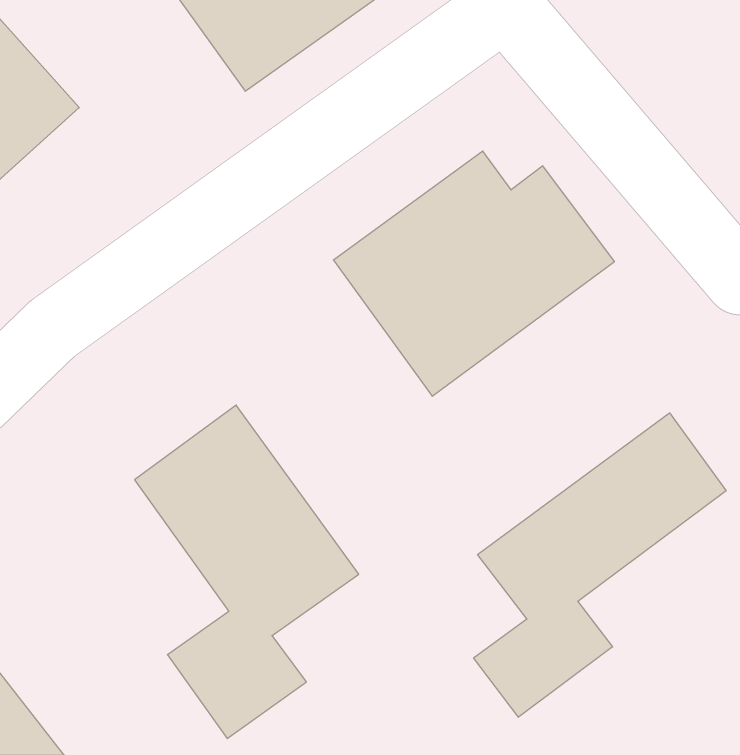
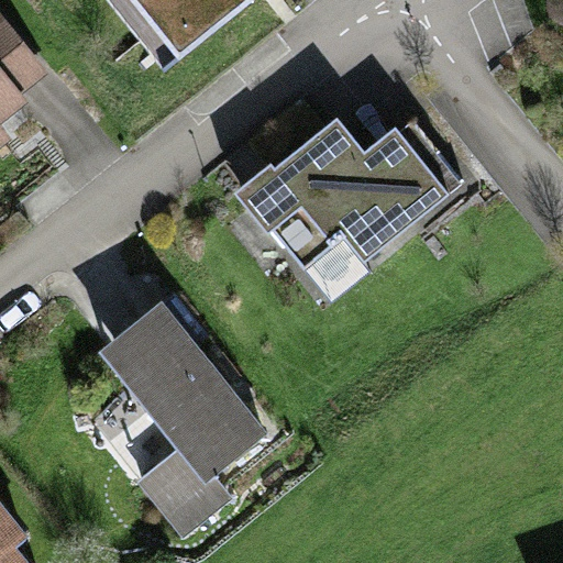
building: [474,413,726,717] -> none

